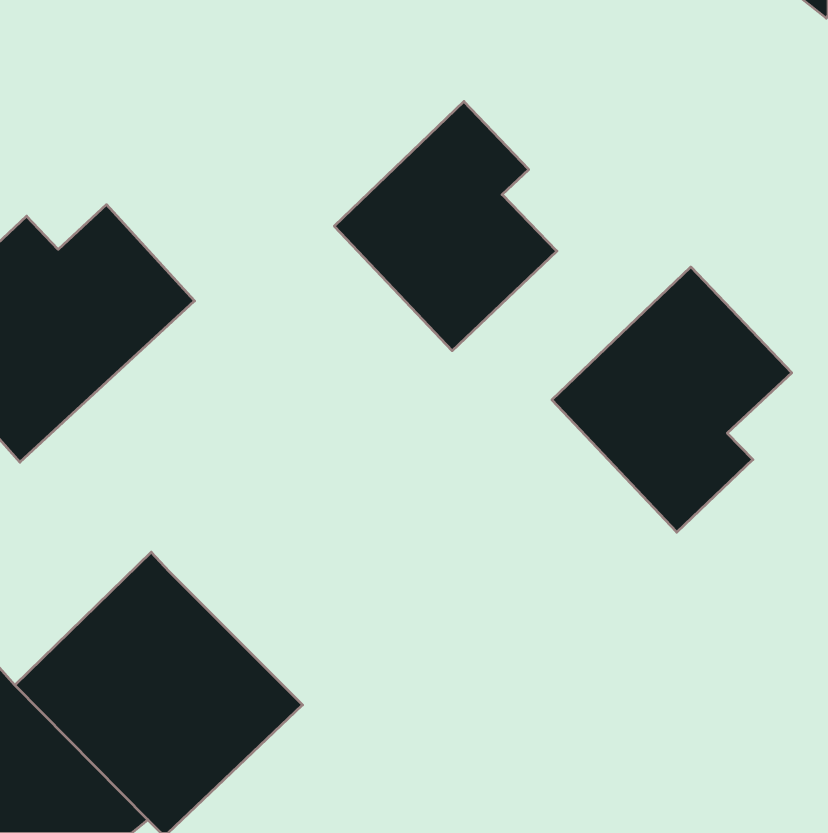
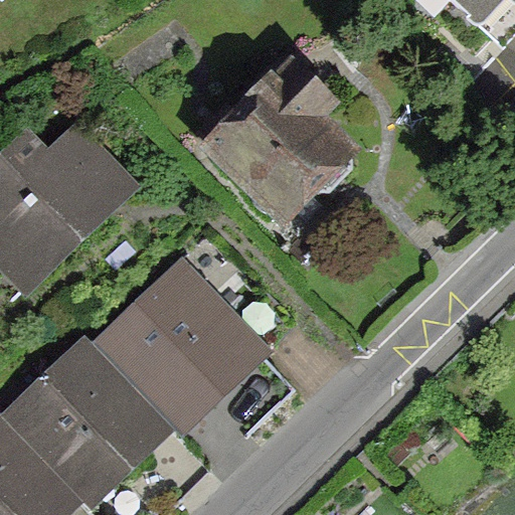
building: [552,267,792,532] -> none
building: none -> [103,264,274,435]

